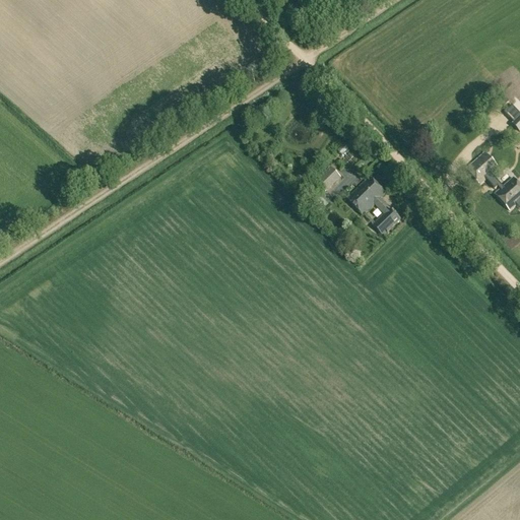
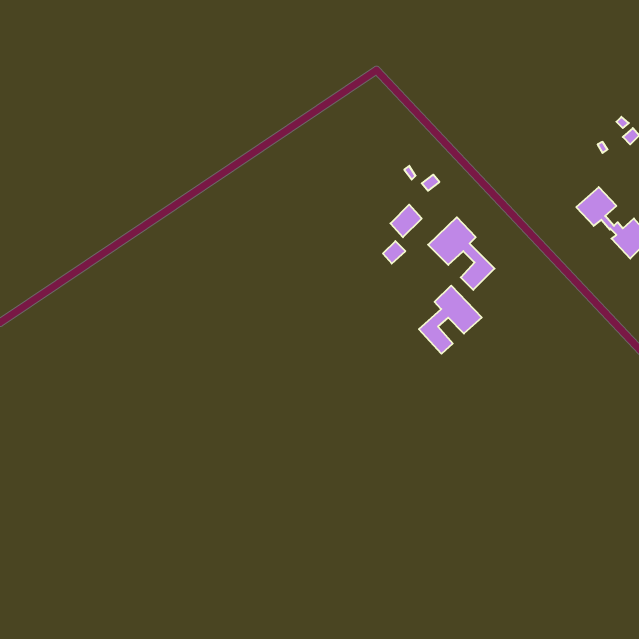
building: none -> [419,286,482,354]

